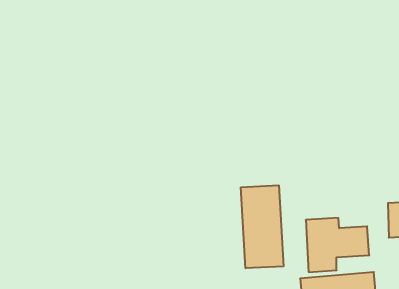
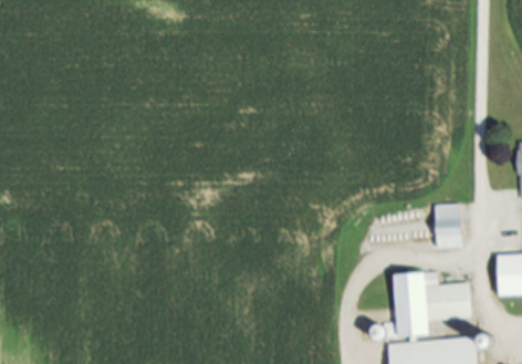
building: none -> [432,204,461,248]
building: [241,185,283,268] -> none

